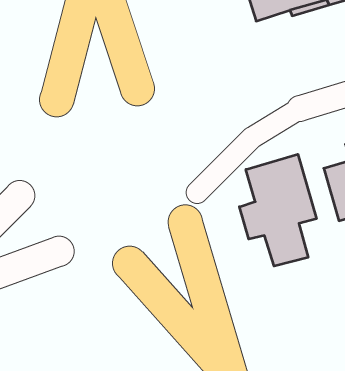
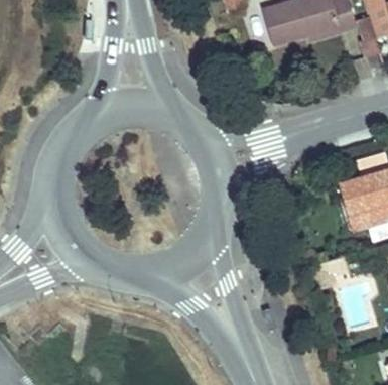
building: [239,154,316,266] -> none

